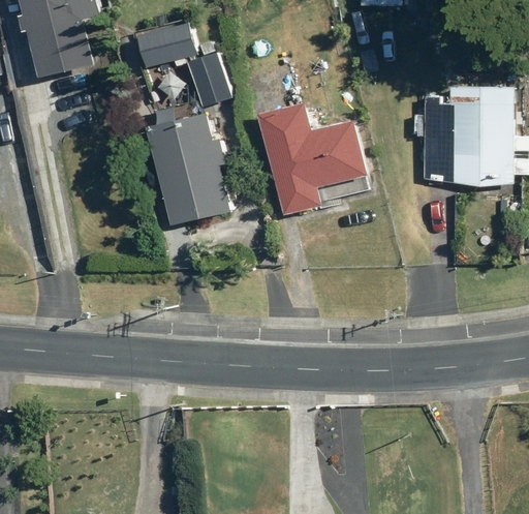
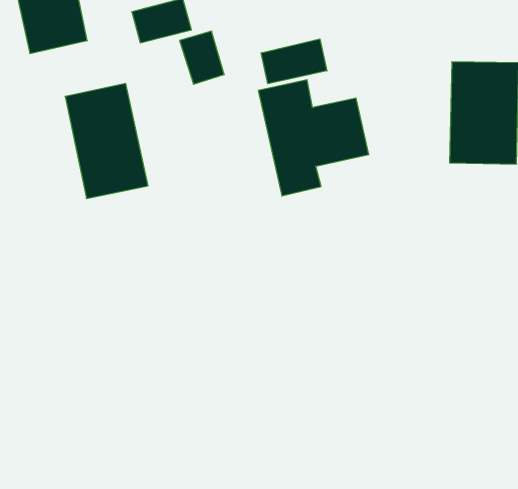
building: none -> [261,39,327,84]
building: [148,113,228,224] -> [65,84,148,199]

